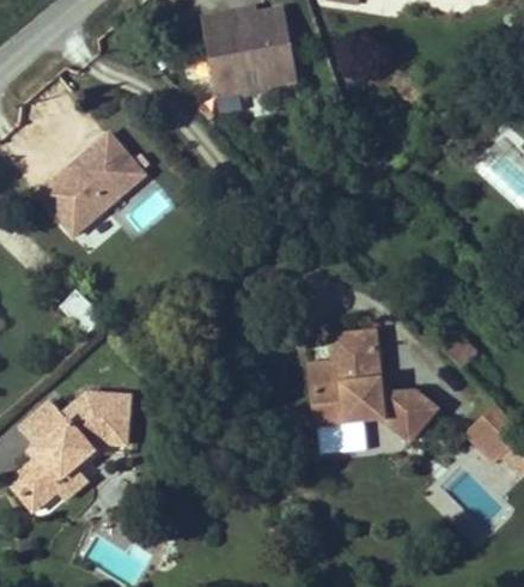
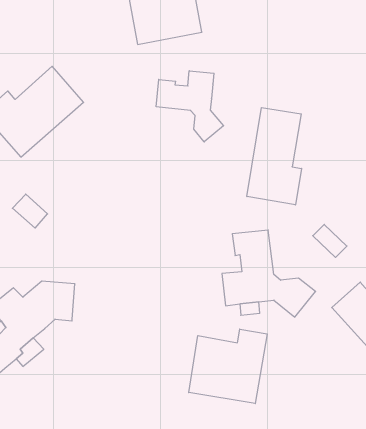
building: none -> [156,71,224,142]
building: none -> [247,108,302,205]
building: none -> [189,329,267,404]

